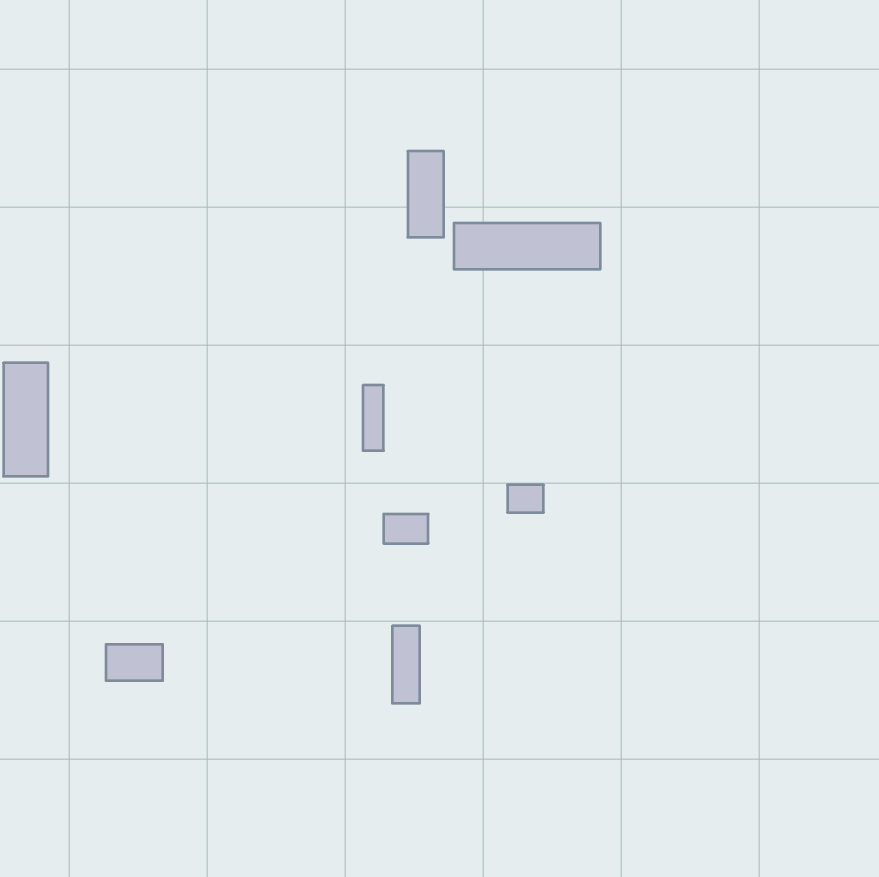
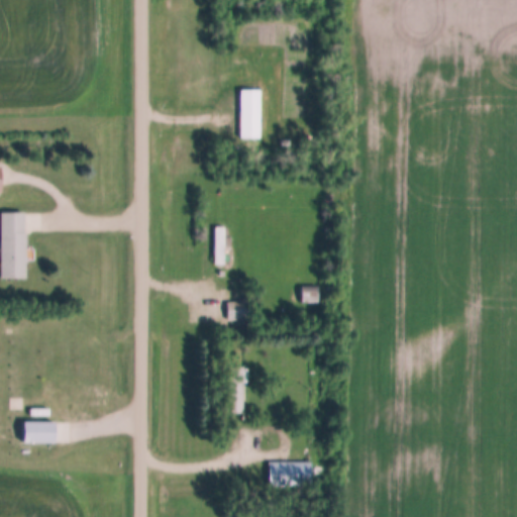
building: [454,223,600,269] -> none
building: [106,644,163,681] -> [25,421,59,442]
building: none -> [270,461,313,486]

